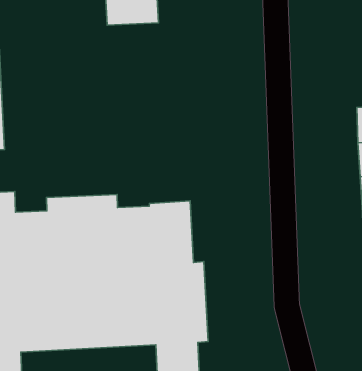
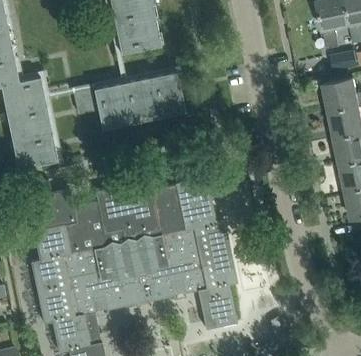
building: none -> [72,71,184,127]

